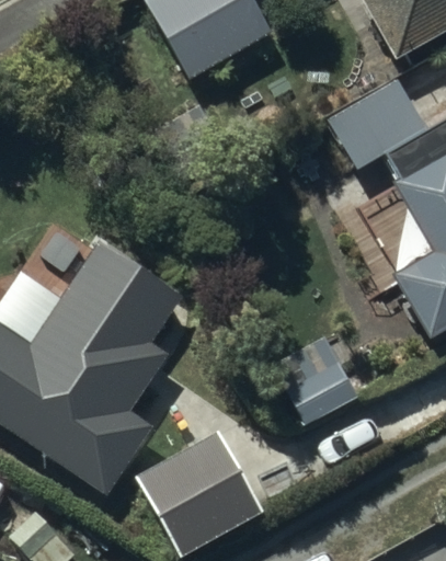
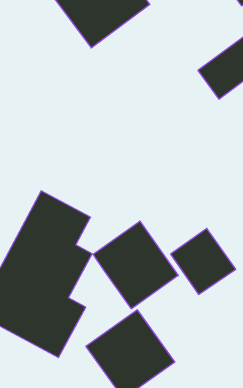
building: none -> [93,221,178,309]

